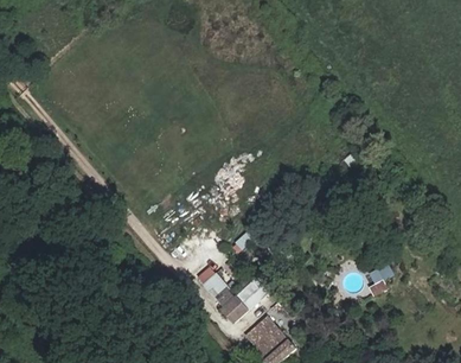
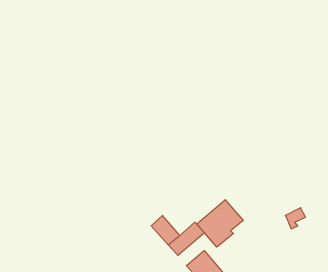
building: none -> [197,200,243,247]

